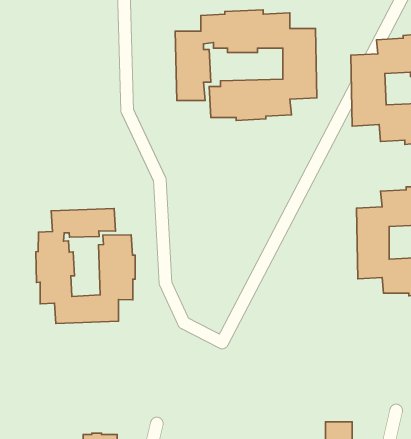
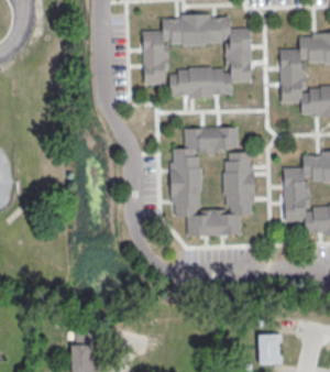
building: none -> [169,127,255,238]
building: [36,208,135,324] -> none

